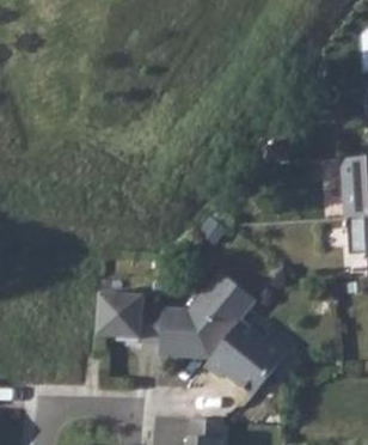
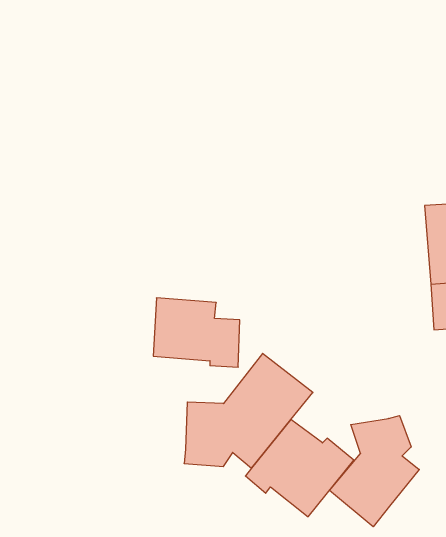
building: [94,292,160,345] -> [153,298,240,367]
building: none -> [329,416,419,527]

